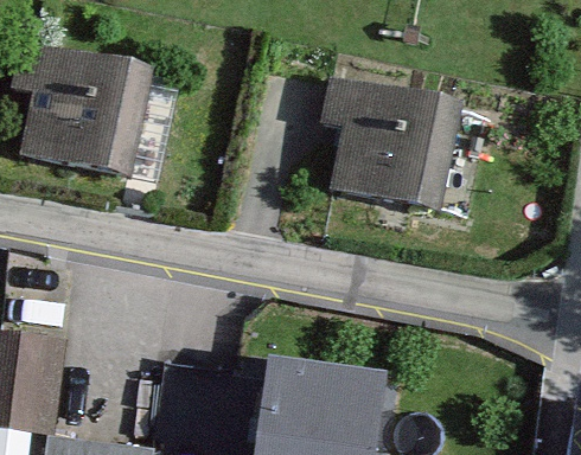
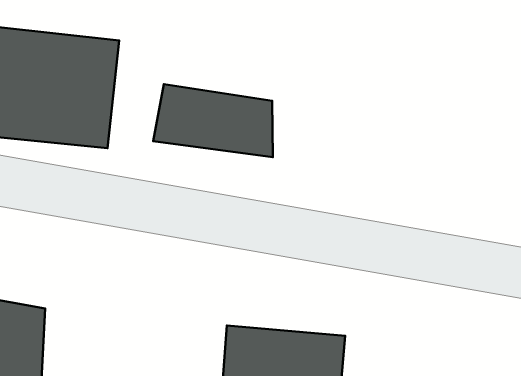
building: [325,79,472,211] -> none
building: none -> [153,84,273,157]

